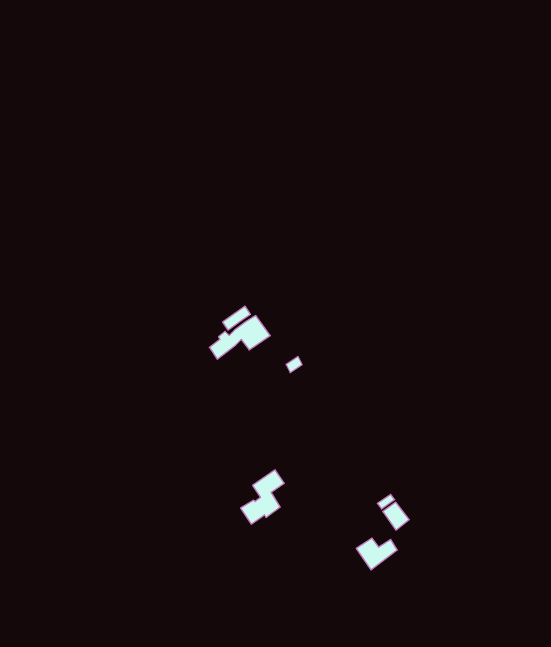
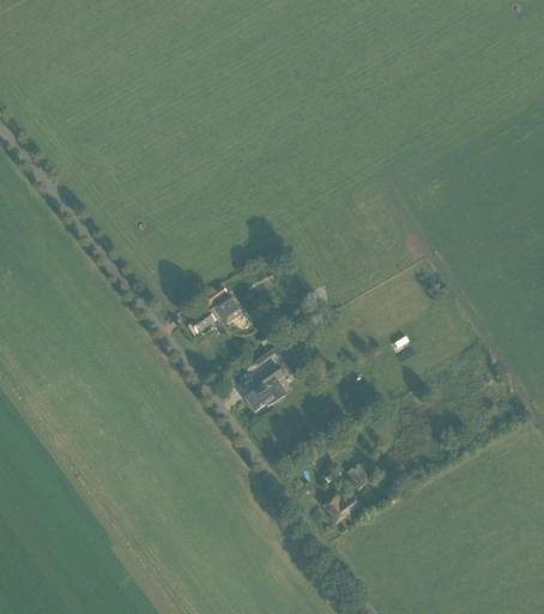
building: [241,470,284,524] -> [244,362,284,411]

